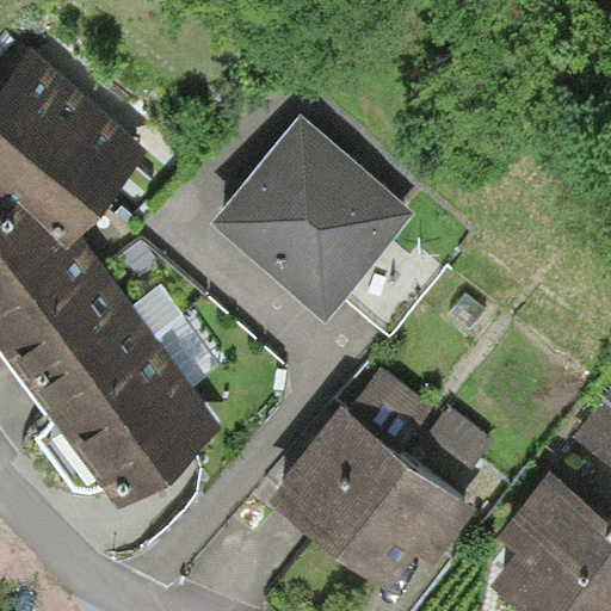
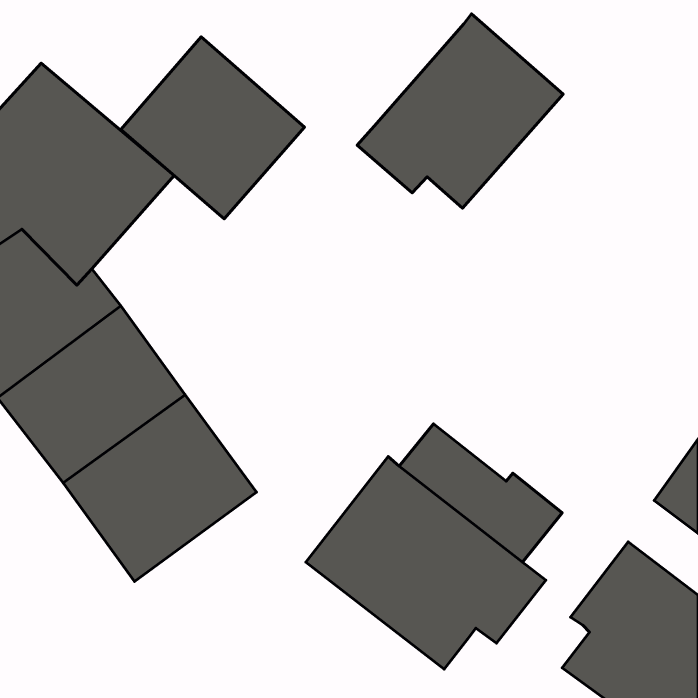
building: none -> [357,14,563,208]
building: none -> [121,37,304,219]
building: [212,123,414,321] -> none

